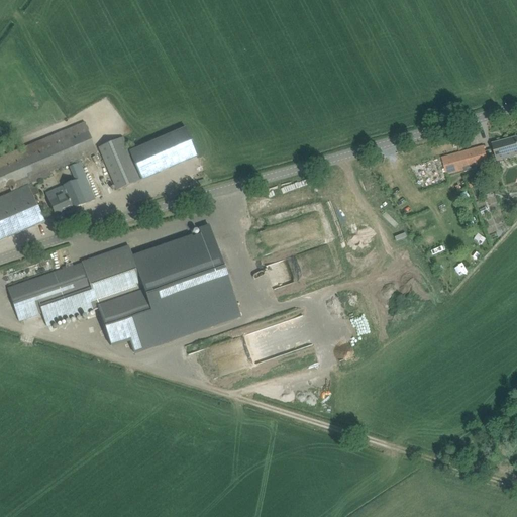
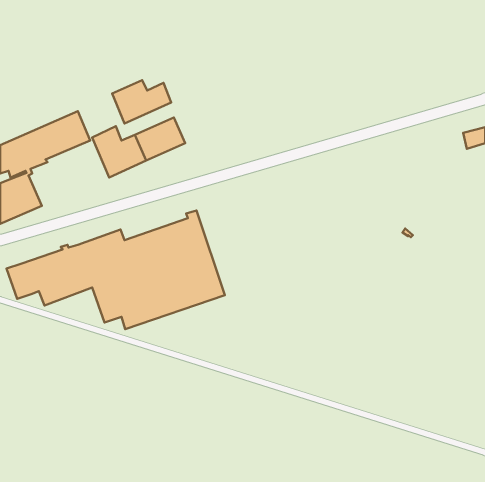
building: none -> [112,80,171,123]
building: [442,144,488,172] -> none
building: [46,161,95,214] -> none

